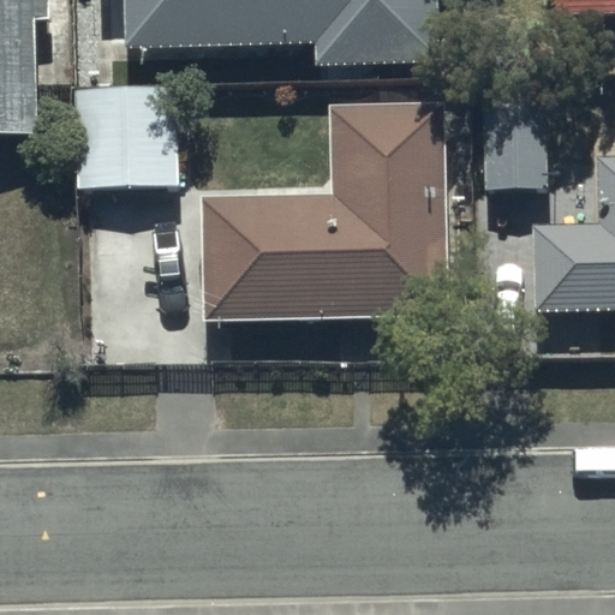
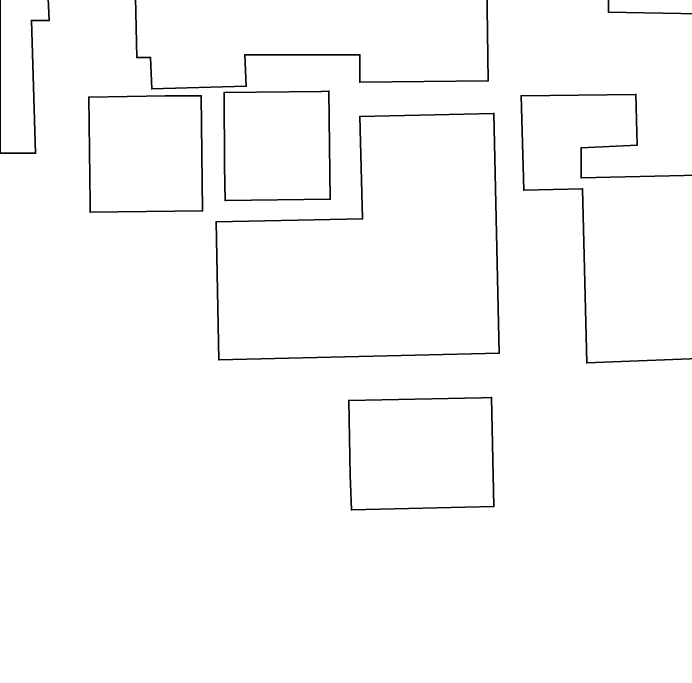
building: none -> [224,91,330,200]
building: none -> [349,397,494,510]

